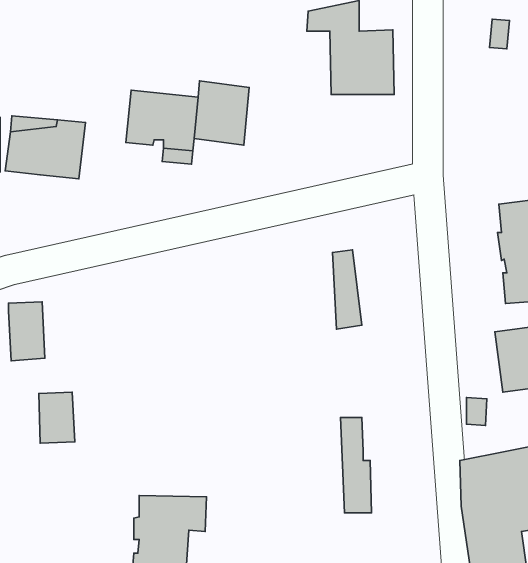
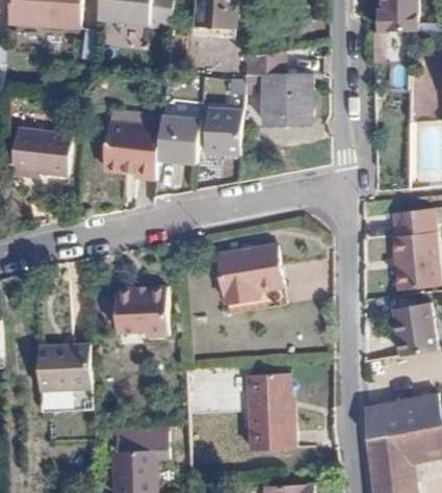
building: none -> [204,108,242,155]
building: none -> [222,247,267,311]
building: [9,302,45,361] -> [62,347,90,393]
building: none -> [119,288,172,337]
building: none -> [249,374,274,449]

